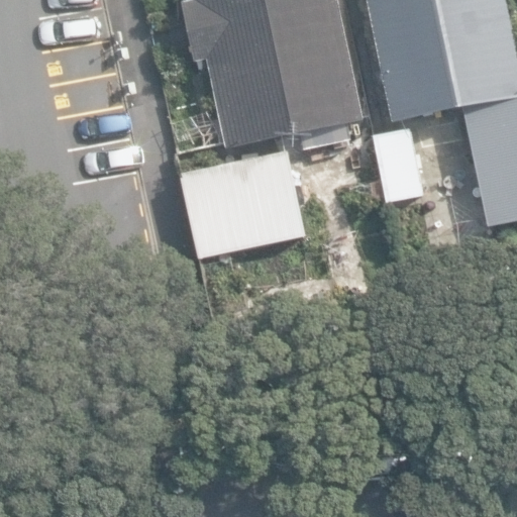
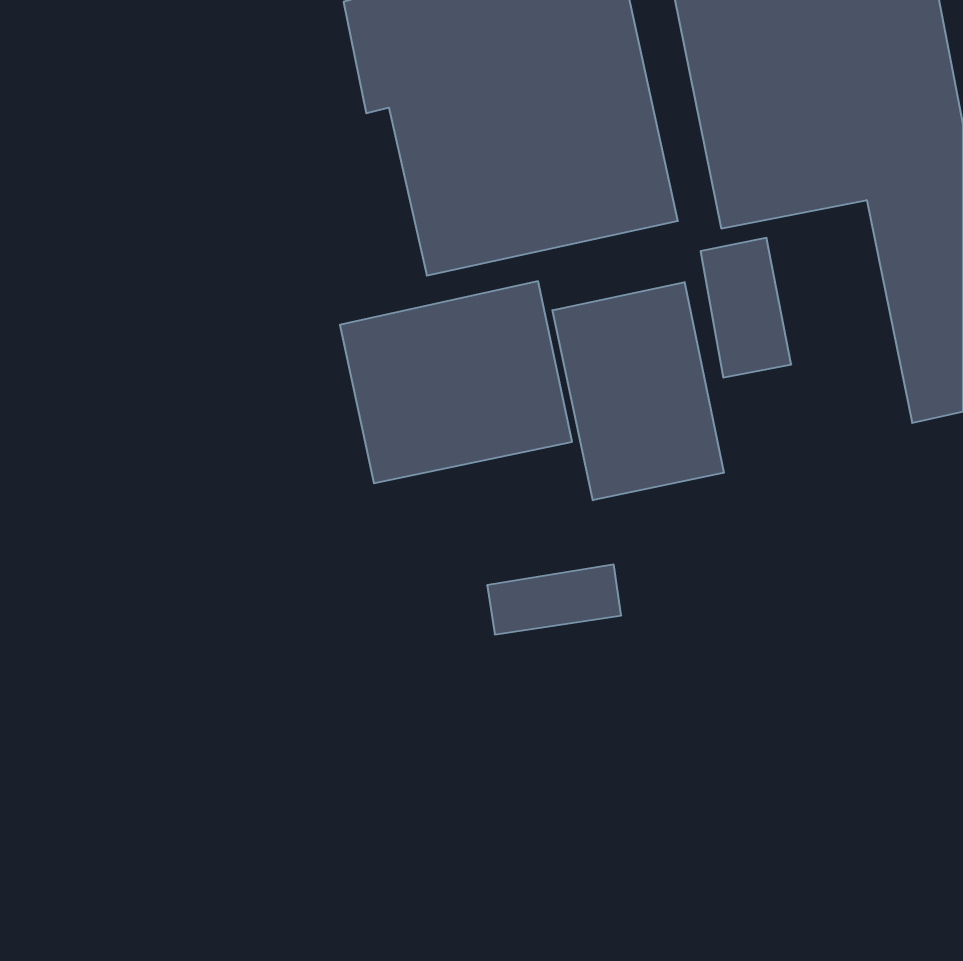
building: none -> [552,282,724,500]

